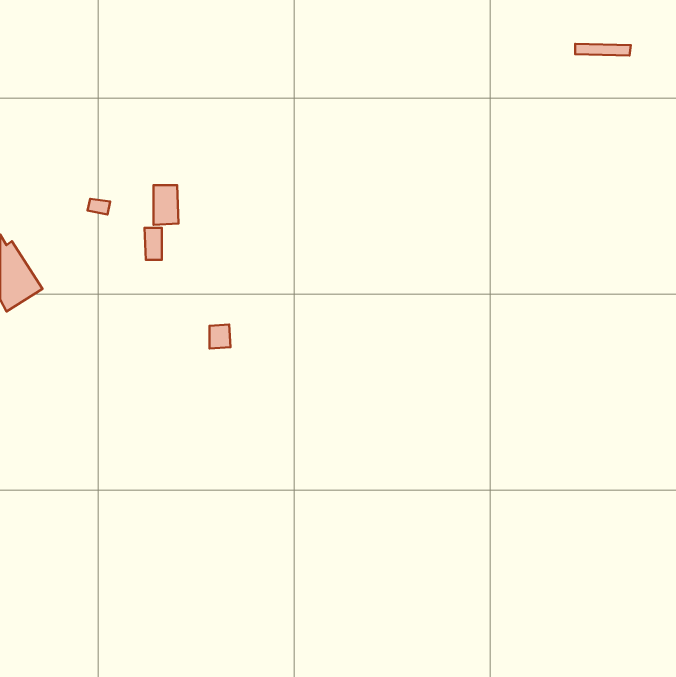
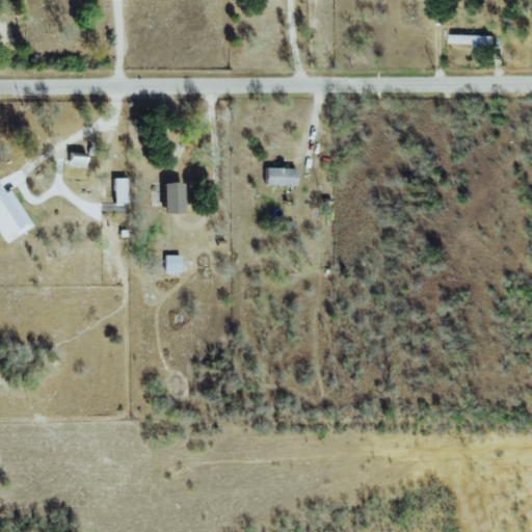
building: [153,185,179,225] -> [165,183,185,214]
building: none -> [265,168,297,186]

